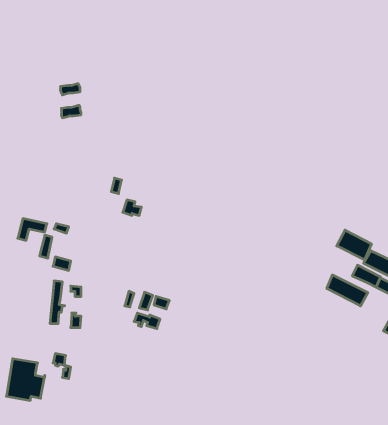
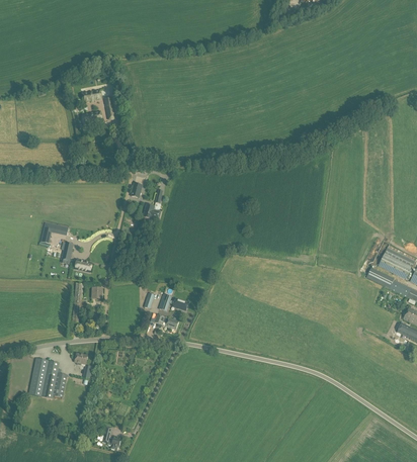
building: [337,230,371,260] -> none
building: [327,275,368,306] -> none

